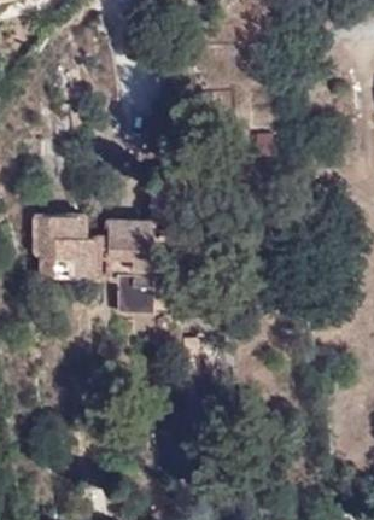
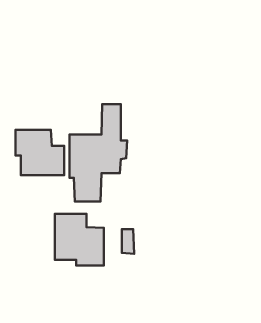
building: none -> [55,214,104,266]

